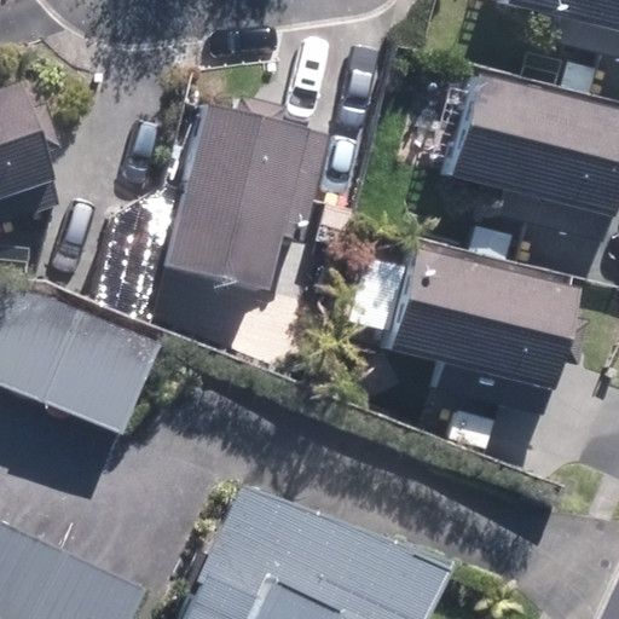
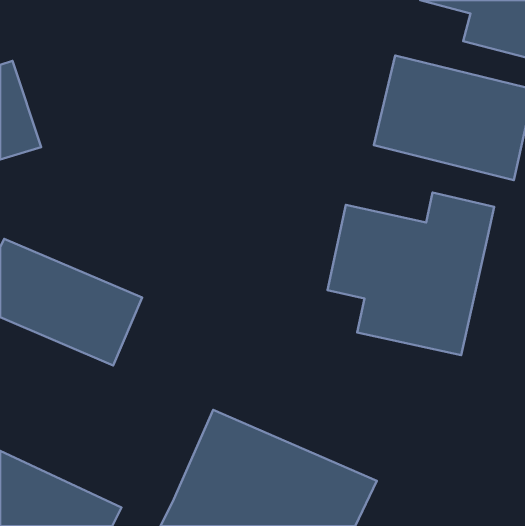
building: [106,108,329,317] -> none

